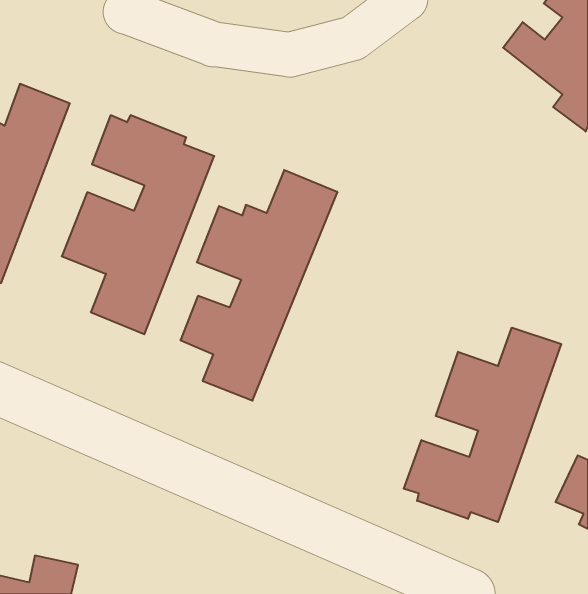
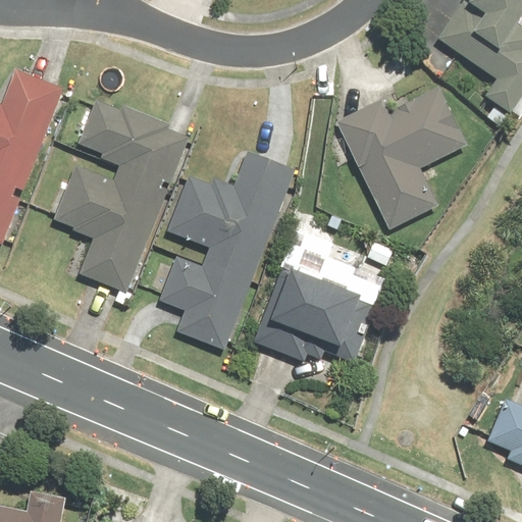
building: none -> [335,88,469,230]
building: none -> [254,265,374,364]
building: [404,328,561,522] -> none

